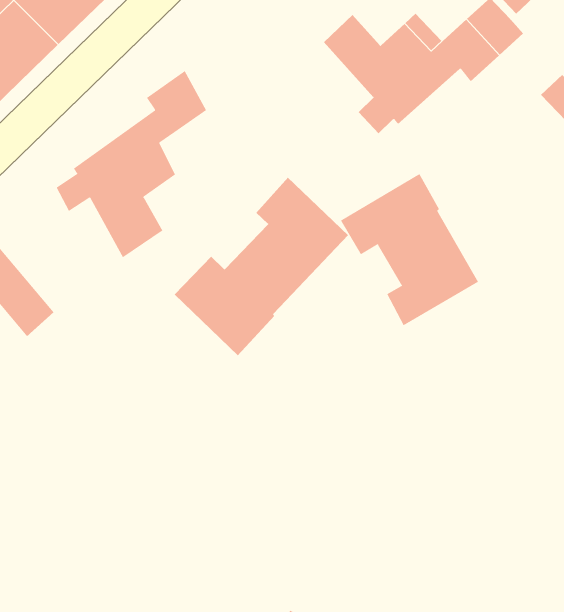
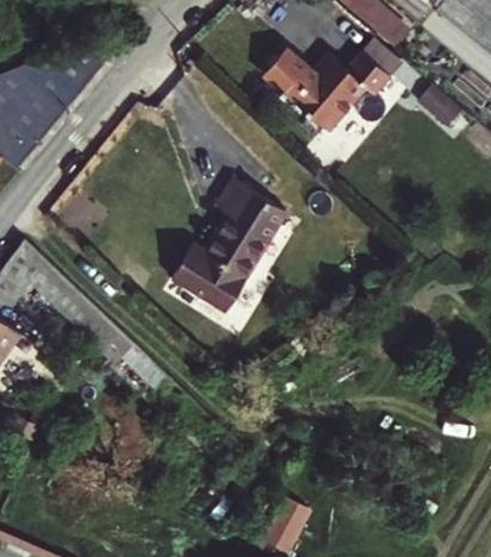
building: [56,70,207,258] -> none
building: [340,173,479,326] -> none

